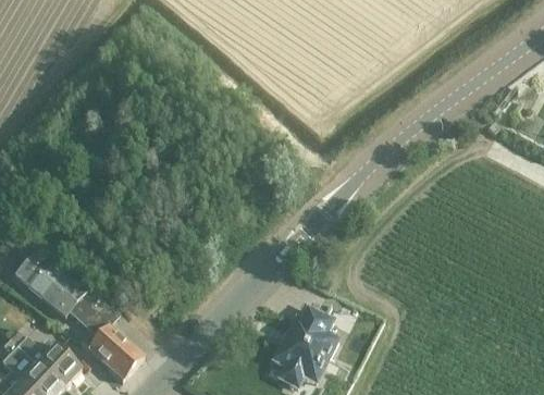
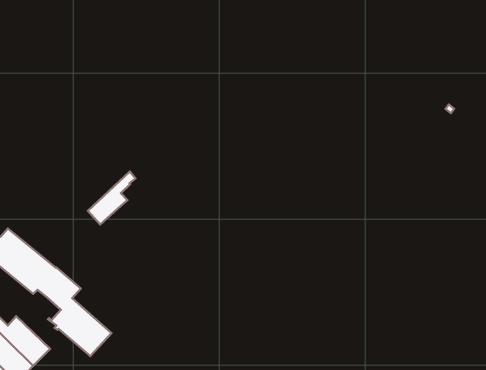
building: none -> [88,172,135,225]
building: [273,307,338,386] -> none

